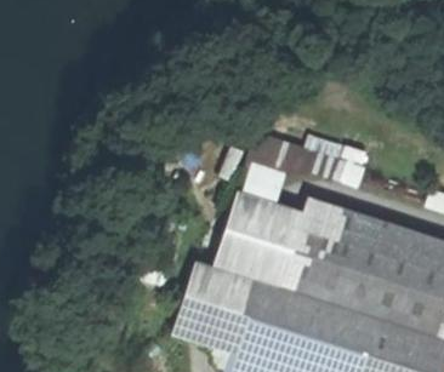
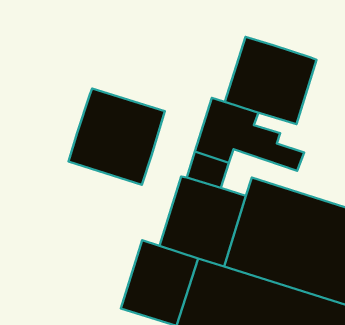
building: none -> [225,37,317,124]
building: none -> [69,89,165,185]

